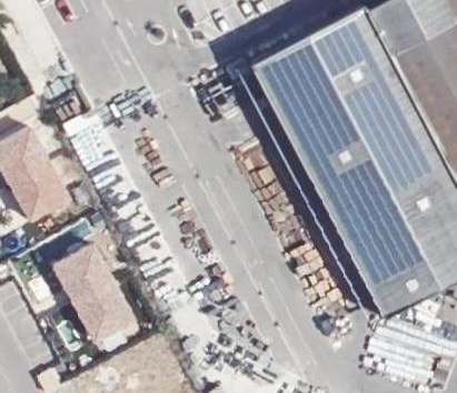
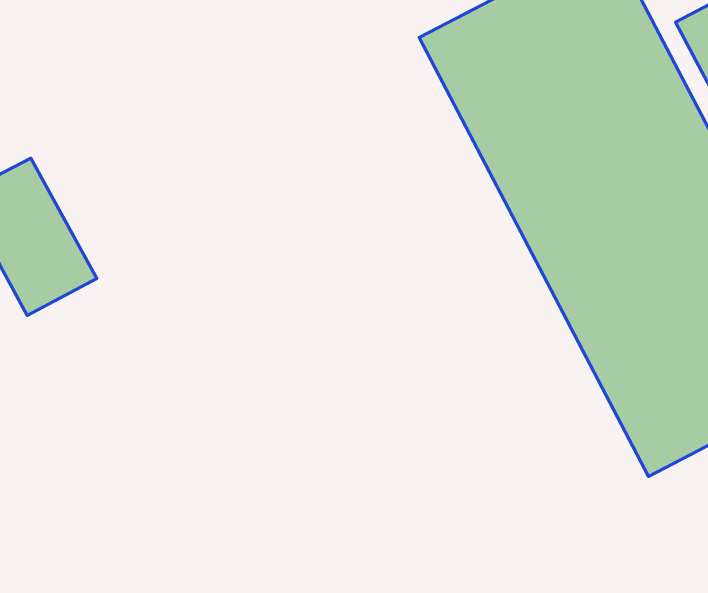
building: [53,246,136,344] -> none

